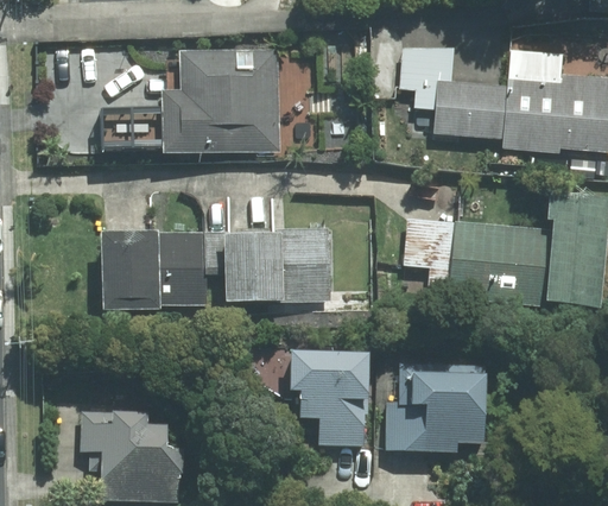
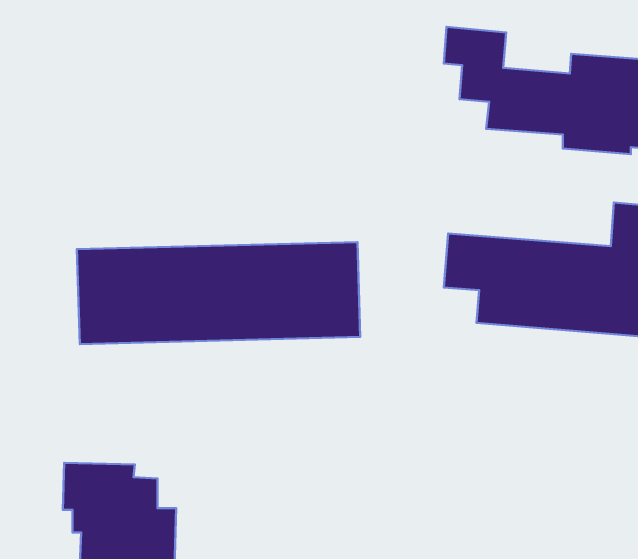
building: [159,49,283,152] -> none
building: [285,349,367,442] -> none
building: [388,362,489,450] -> none

